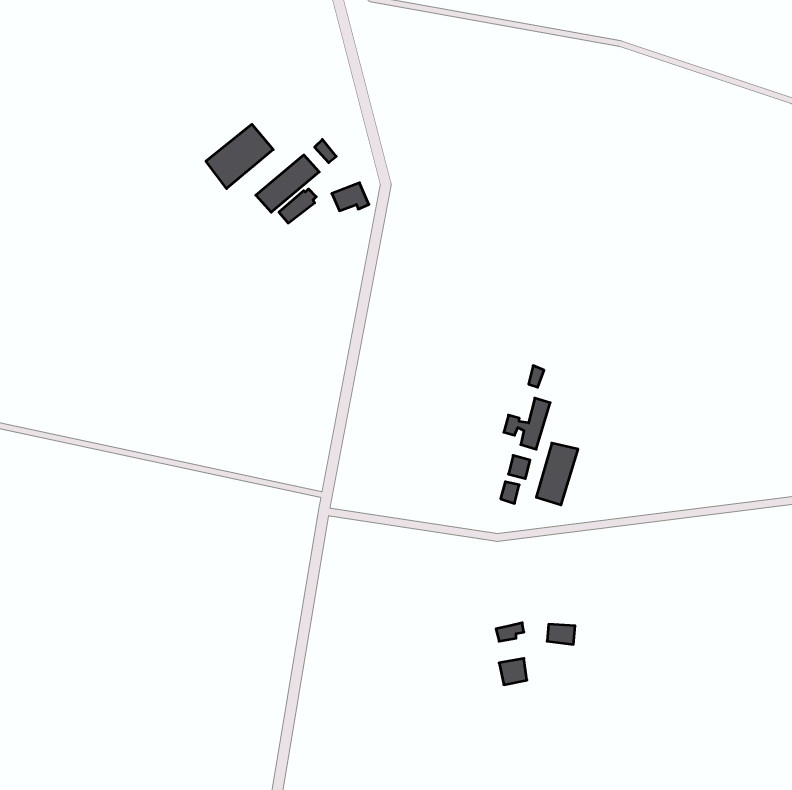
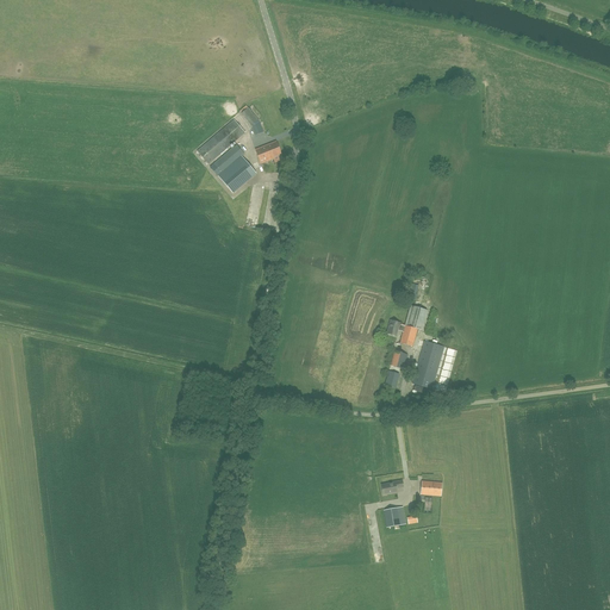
building: [206,124,273,189] -> none
building: none -> [220,158,256,192]

